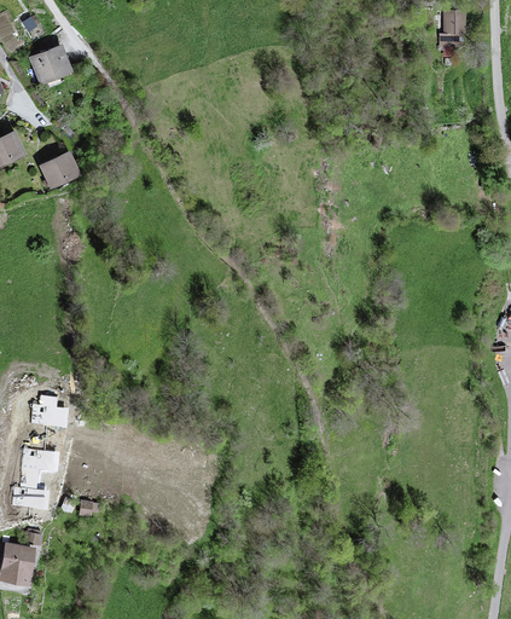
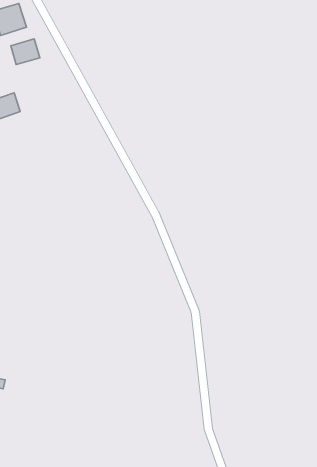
building: none -> [11,39,40,65]

